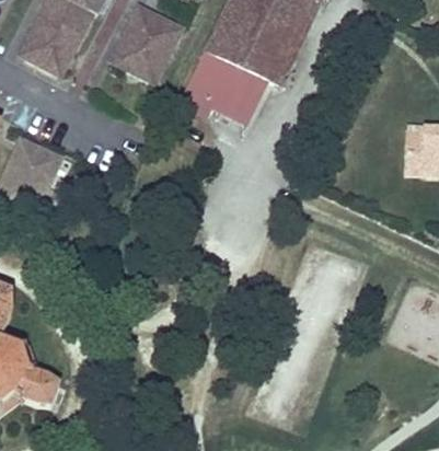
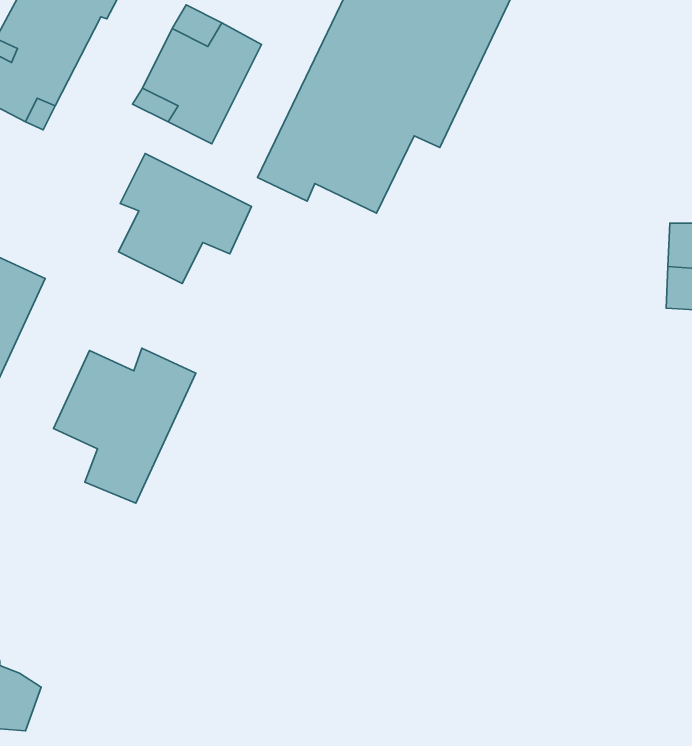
building: none -> [118,153,252,284]
building: none -> [53,348,196,503]

